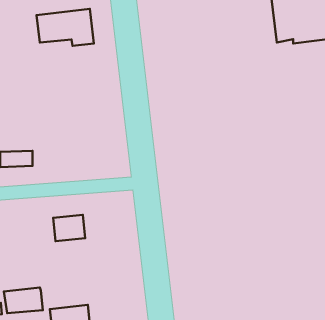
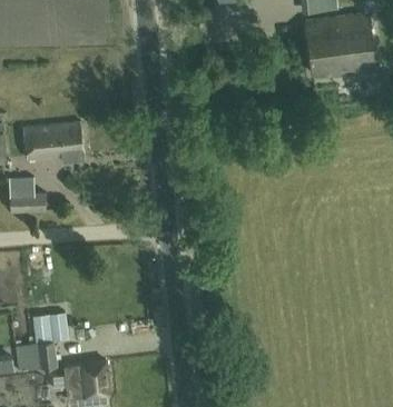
building: [37,9,94,46] -> [23,121,86,161]
building: [53,215,85,241] -> [32,312,67,341]

